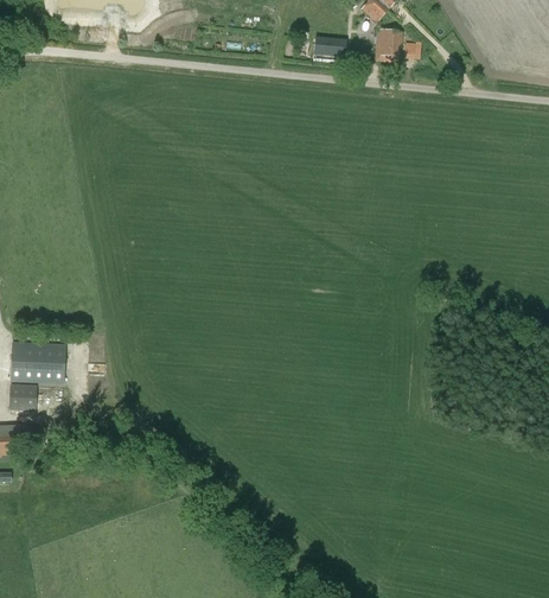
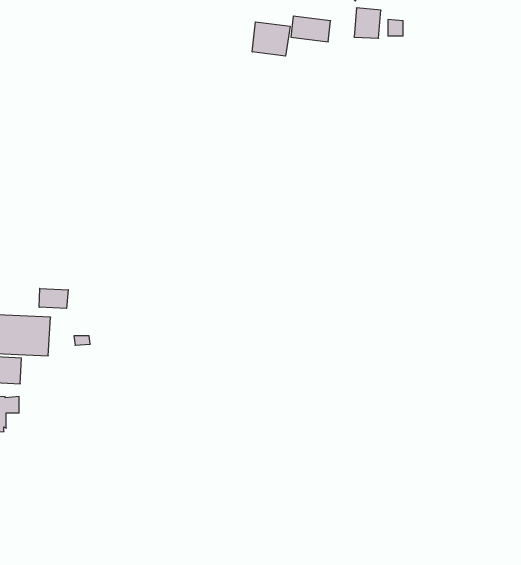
building: none -> [252,22,290,56]
building: none -> [39,288,68,308]

